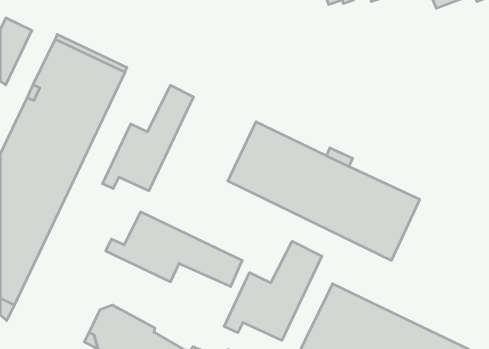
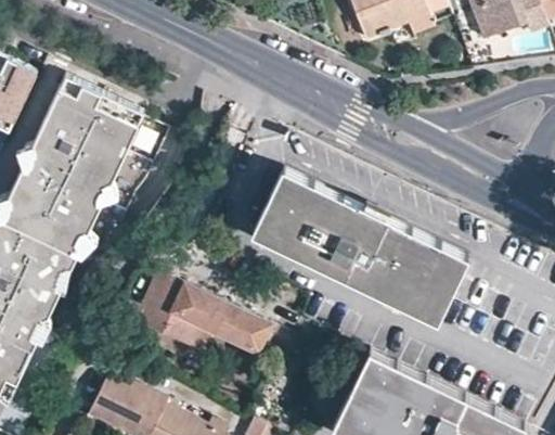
building: [102,85,194,191] -> none
building: [224,241,322,340] -> none

